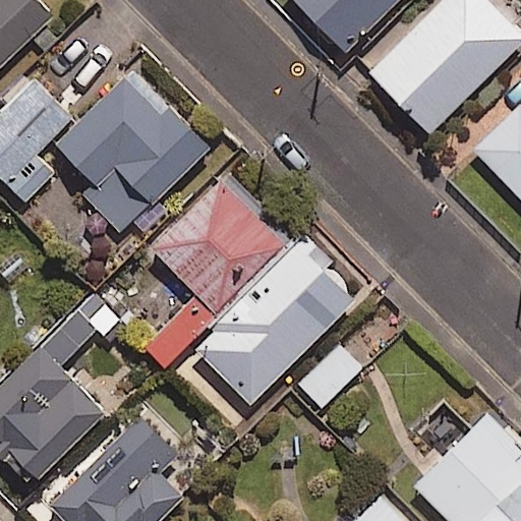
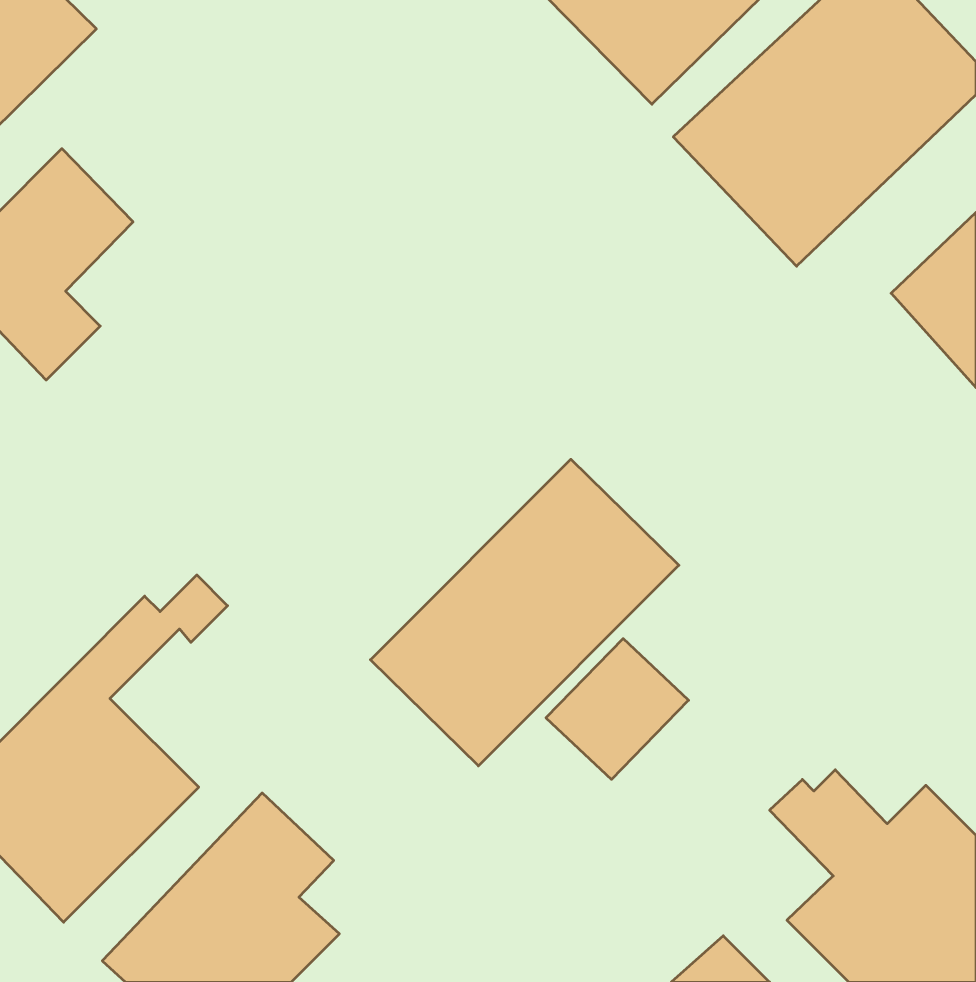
building: [58,71,208,233] -> none
building: [147,176,294,366] -> none

